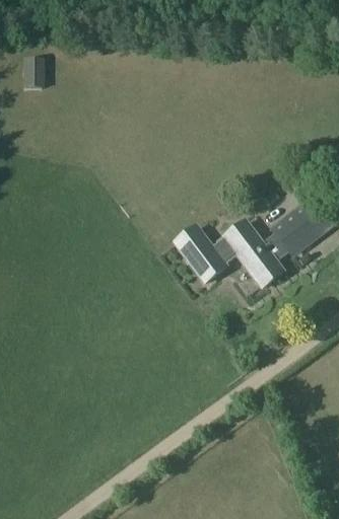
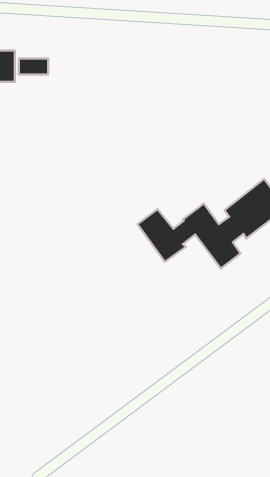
building: none -> [19,59,48,74]

